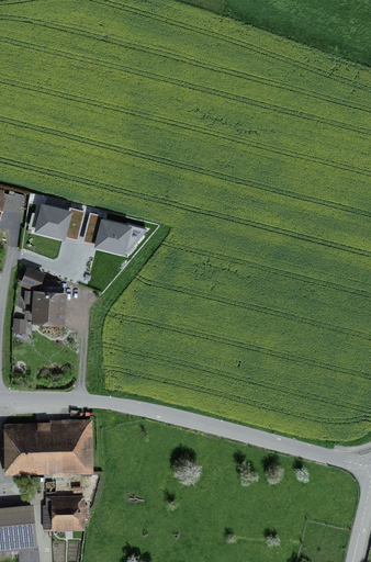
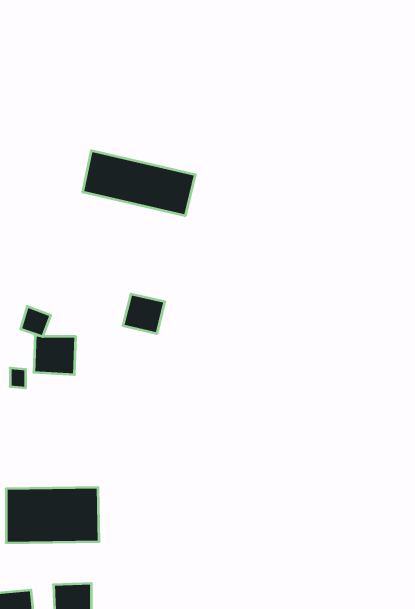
building: none -> [83,151,195,216]
building: [33,205,69,239] -> none
building: [93,221,128,254] -> [123,294,165,333]

